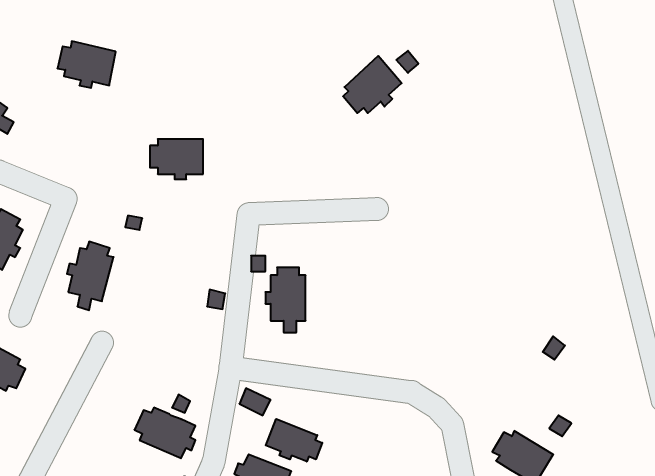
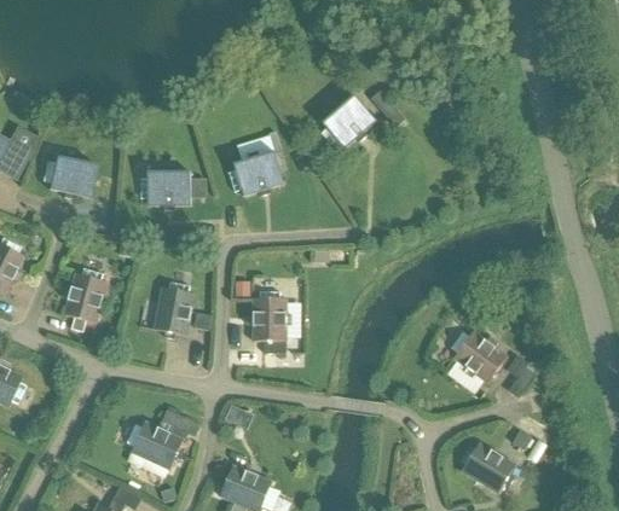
building: [57,41,116,88] -> [41,155,96,198]
building: none -> [228,150,283,194]
building: none -> [154,280,193,337]
building: none -> [451,330,507,382]
building: [266,419,322,462] -> none

